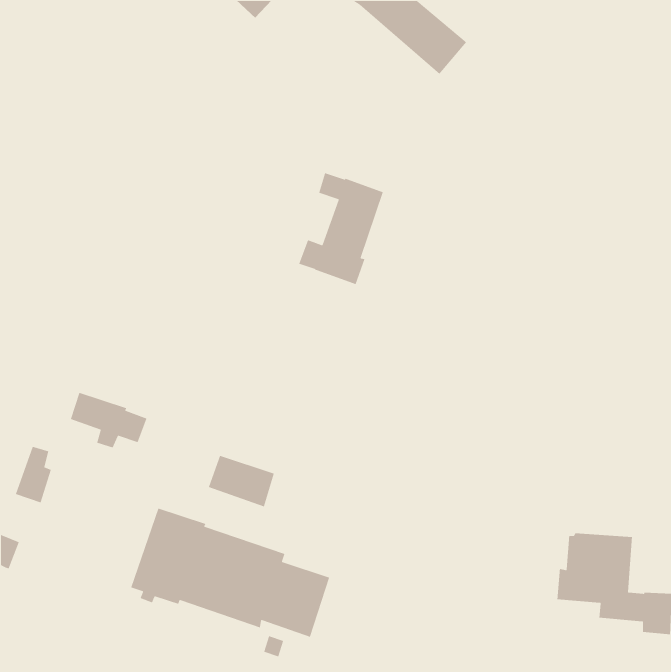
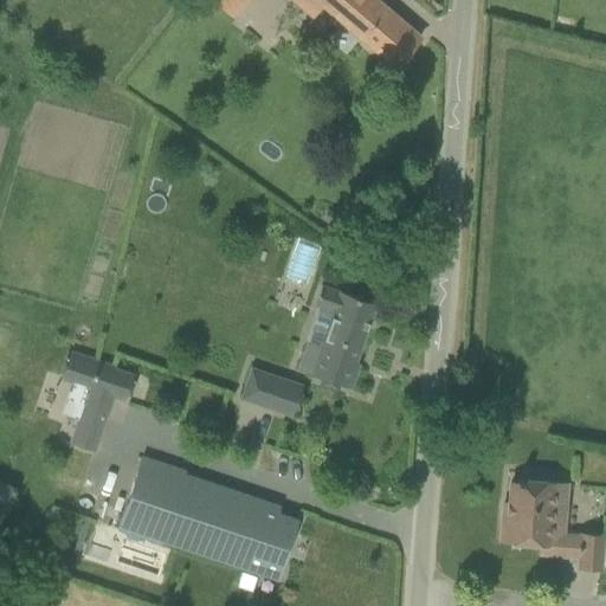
building: [298,172,384,285] -> [299,286,376,388]
building: [15,446,52,504] -> [72,399,105,451]
building: [208,455,275,507] -> [243,369,303,417]

